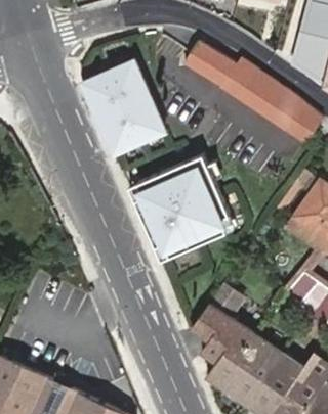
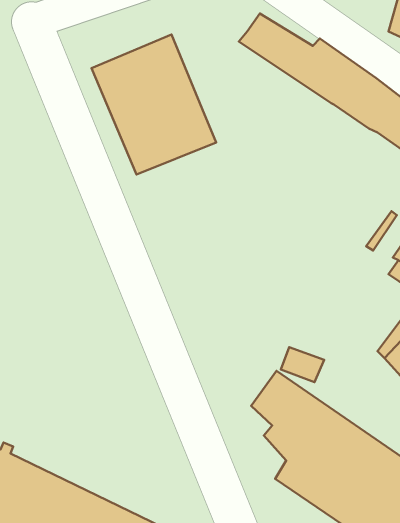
building: [128,155,234,261] -> none

